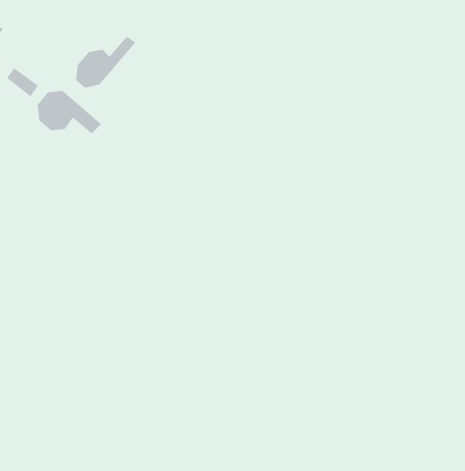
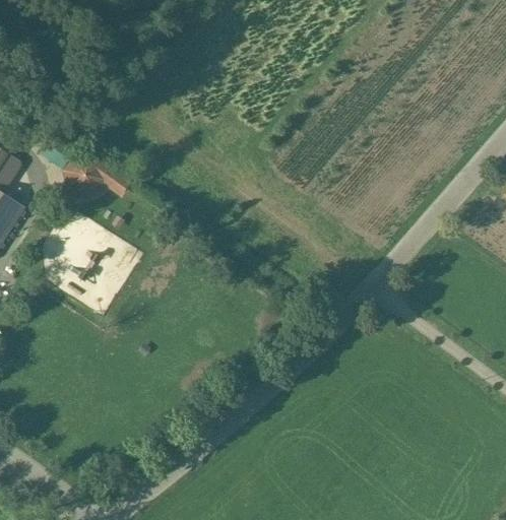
building: [75,36,136,88] -> none

